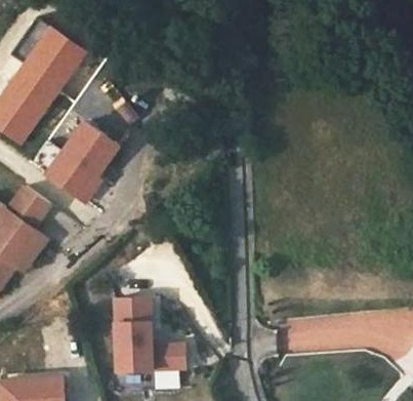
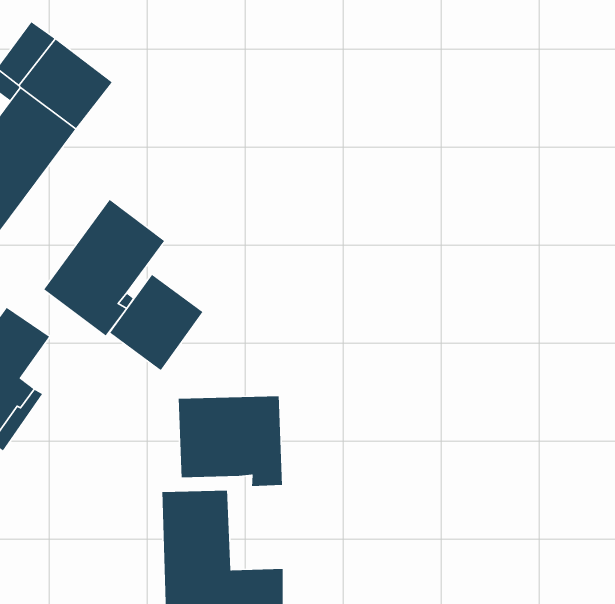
building: none -> [109,274,204,371]
building: none -> [178,396,283,487]

